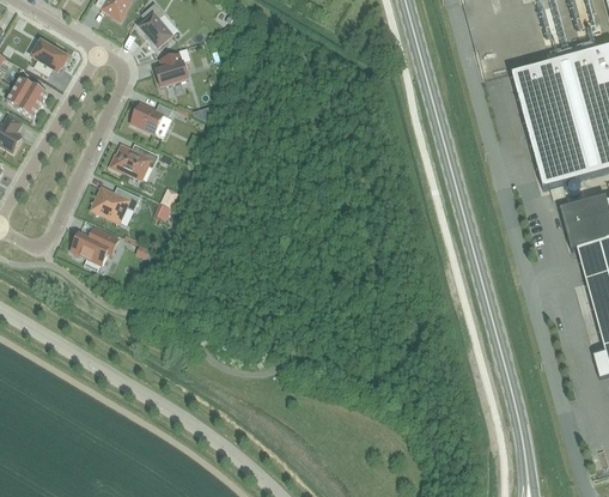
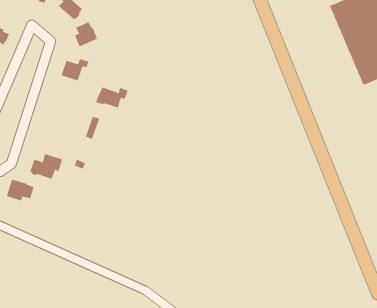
building: [110,144,158,176] -> [95,87,129,108]
building: [91,186,140,219] -> none
building: none -> [6,179,34,201]

